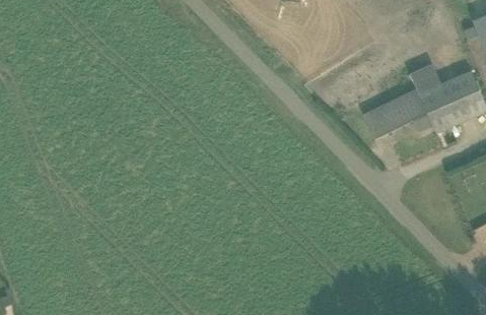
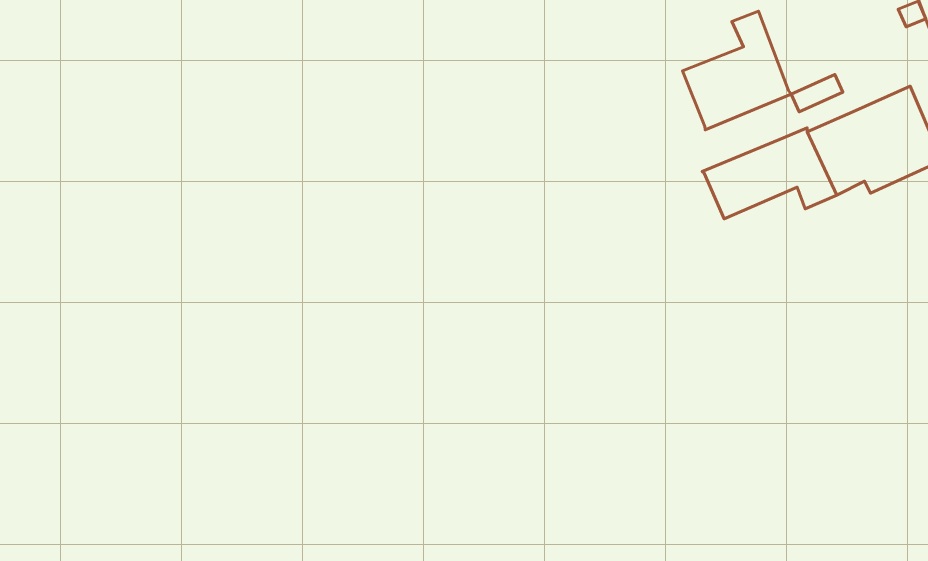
building: none -> [682,11,791,130]

